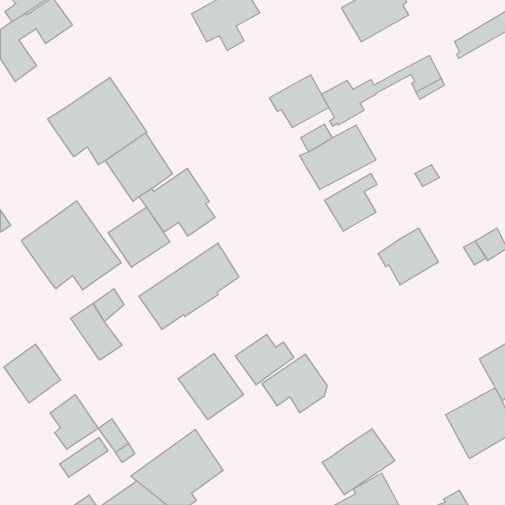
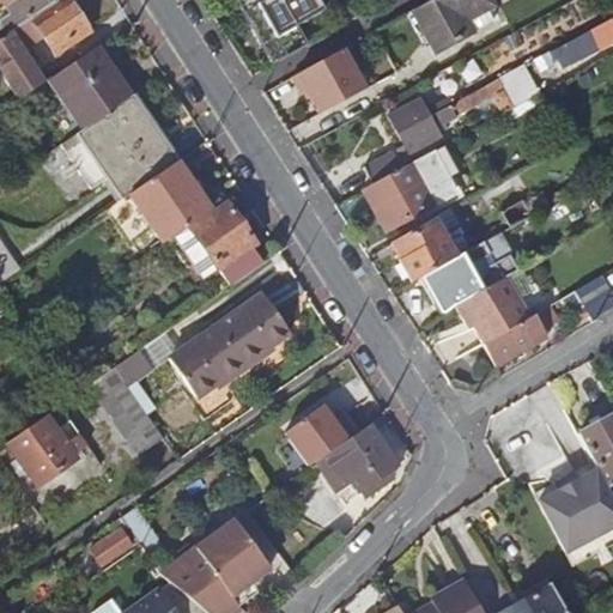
building: none -> [51,45,132,127]
building: [269,75,329,128] -> [295,48,366,111]
building: none -> [423,239,521,306]
building: [21,201,121,290] -> none
building: [108,207,170,267] -> none
building: none -> [484,305,558,365]
building: [178,353,244,420] -> none
building: [50,395,98,449] -> none
building: [322,429,395,495] -> none

